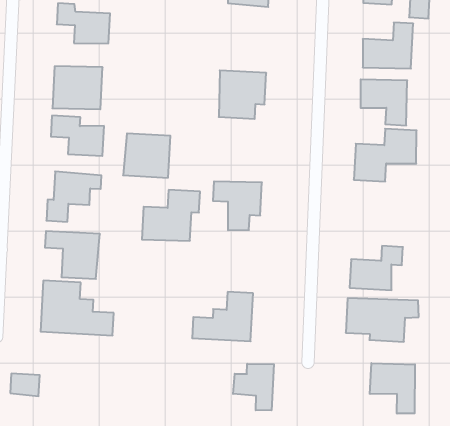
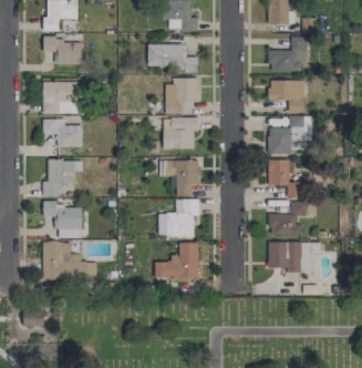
building: none -> [147,43,197,72]
building: [123,133,170,178] -> [163,117,196,149]
building: none -> [268,159,302,197]
building: [142,190,200,241] -> [158,198,199,236]
building: [370,363,415,414] -> none
building: [233,364,274,410] -> none

